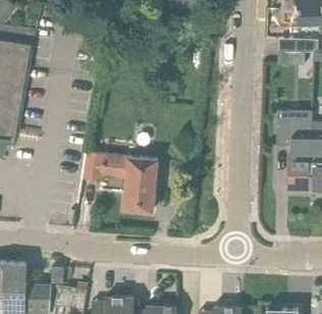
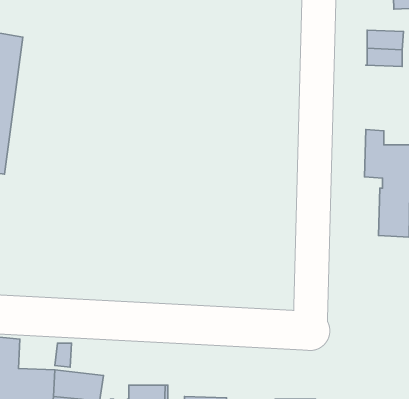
building: [83,150,158,210] -> none

